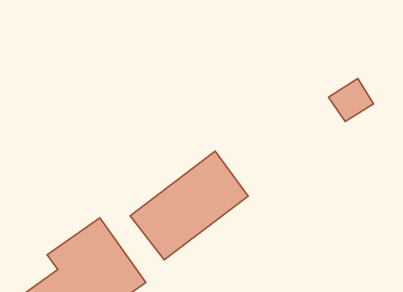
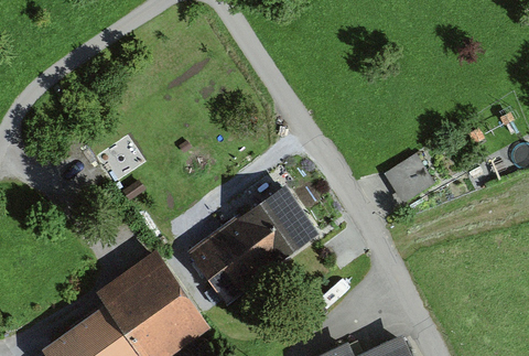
building: [329,79,374,122] -> [382,153,433,202]

